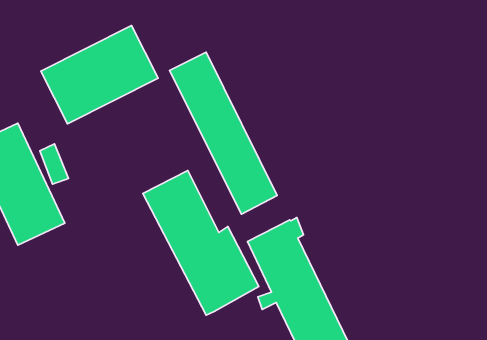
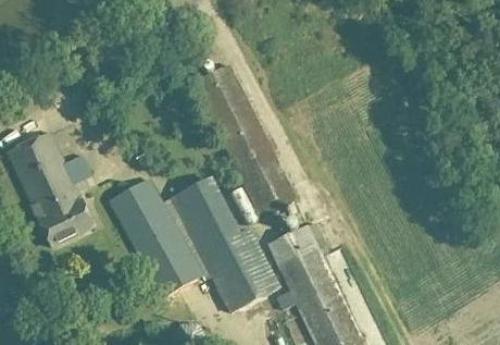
building: [41,26,158,124] -> none
building: none -> [109,176,202,296]

